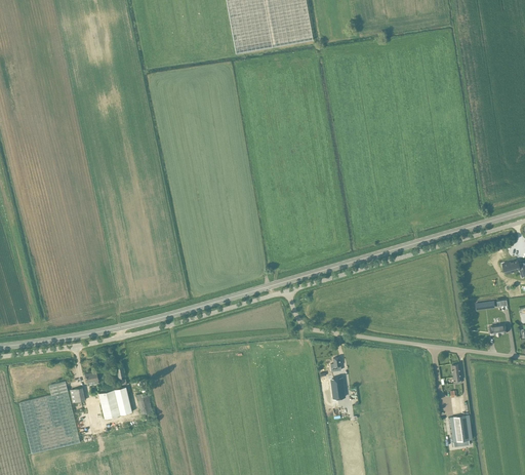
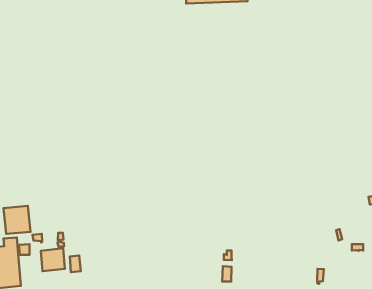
building: none -> [3,206,31,234]

